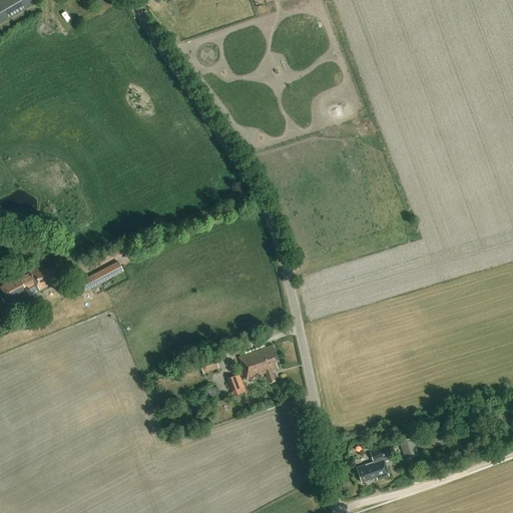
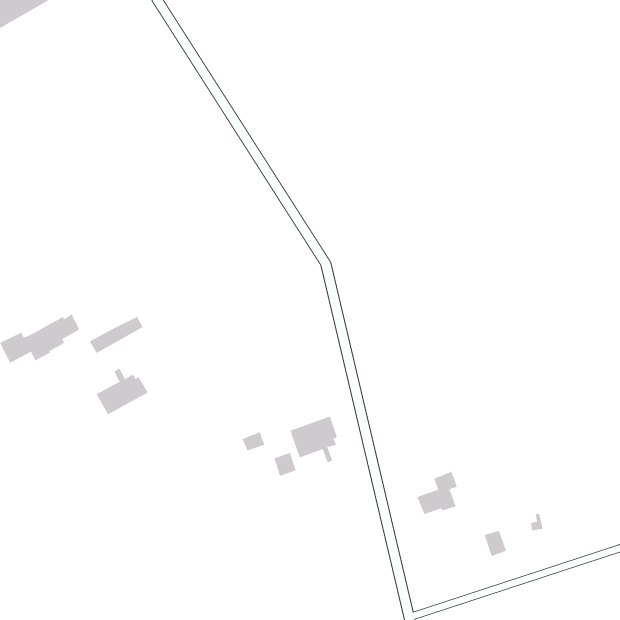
building: none -> [96,368,148,415]
building: [356,446,390,482] -> [416,471,458,515]

